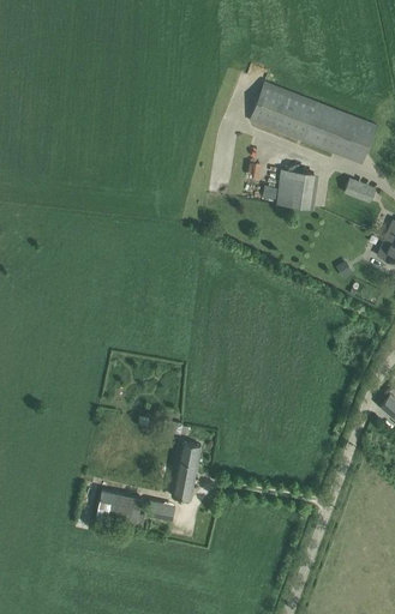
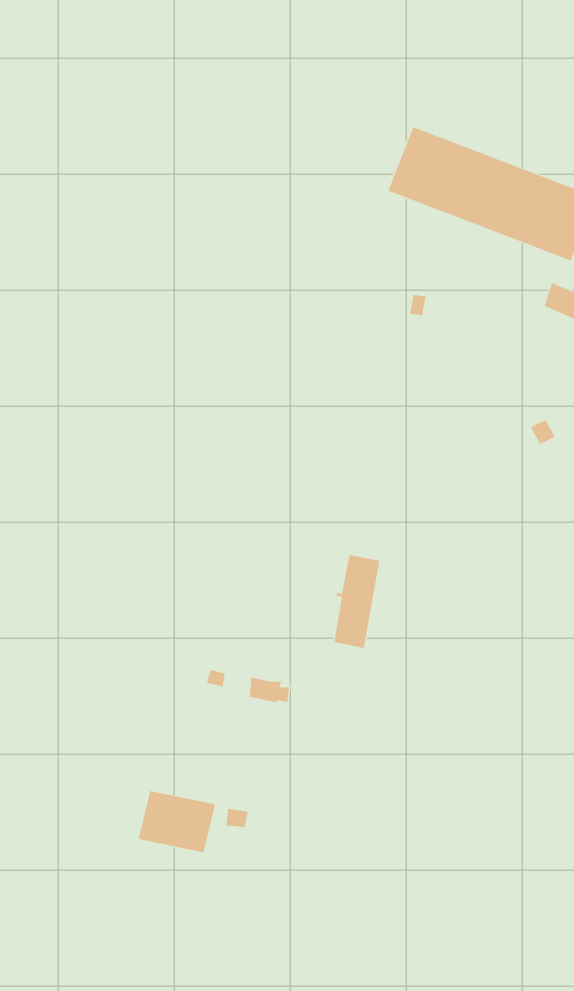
building: [277,167,318,206] -> none
building: [172,441,201,499] -> [333,555,380,648]

